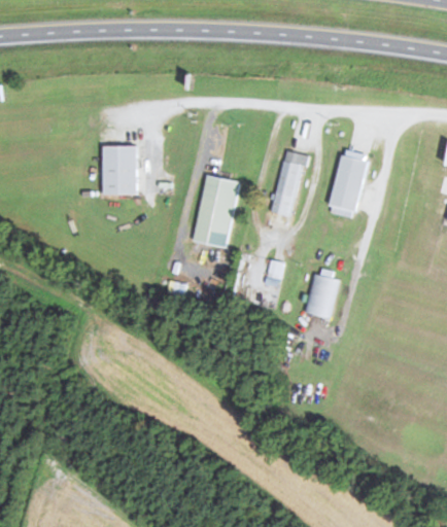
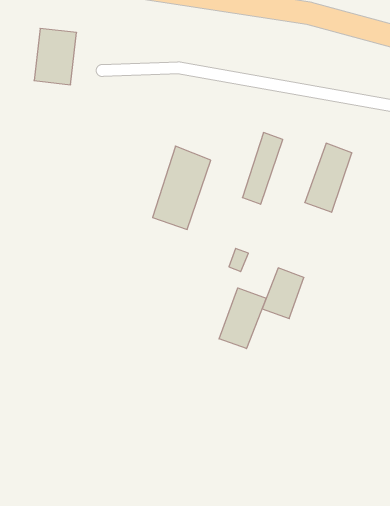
building: [105,147,139,196] -> [34,28,77,85]
building: none -> [219,288,266,349]

